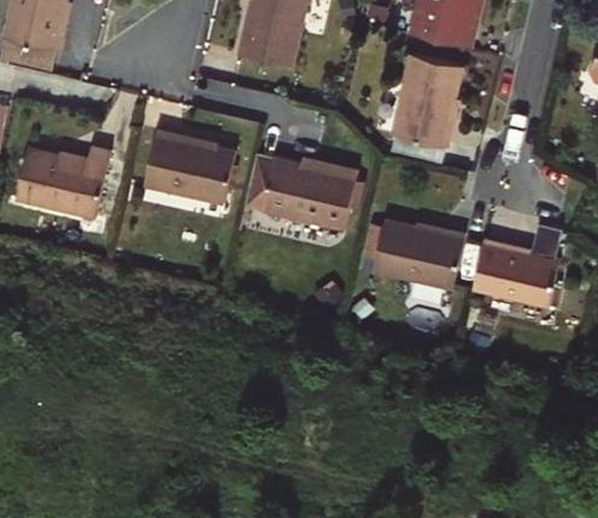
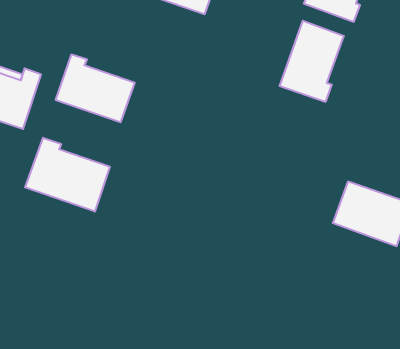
building: [262,160,358,230] -> none
building: [369,219,465,288] -> none
building: none -> [25,138,110,212]

